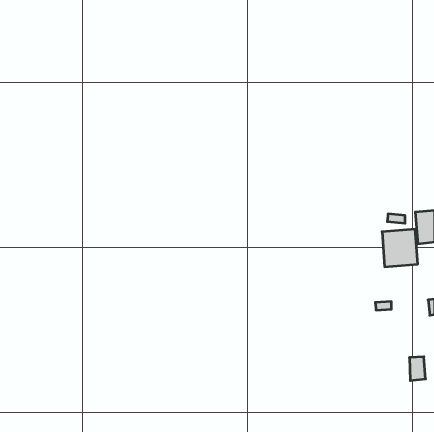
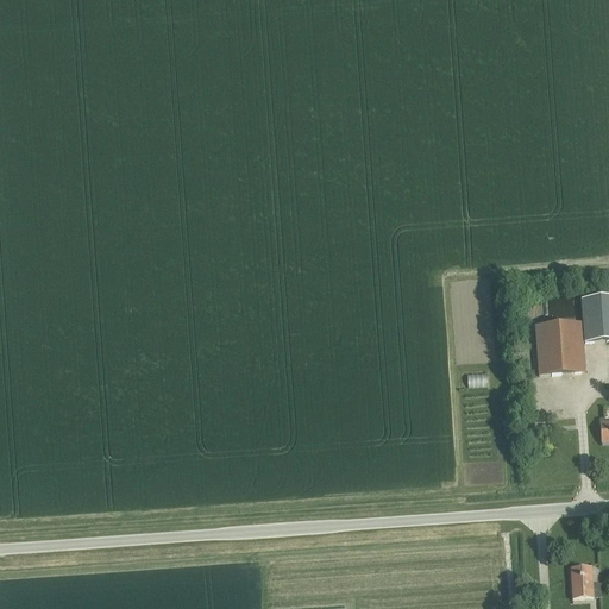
building: [409,357,426,381] -> [571,564,594,597]

